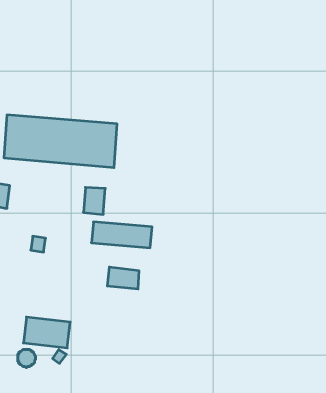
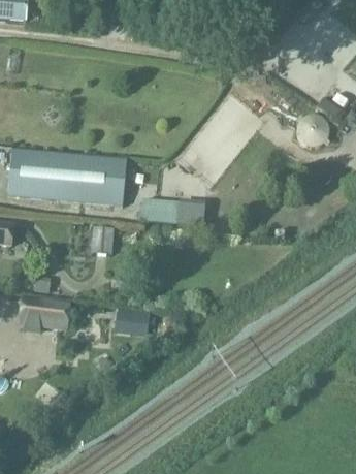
building: [91,222,152,248] -> [140,197,203,224]
building: [23,317,70,348] -> [19,296,67,328]

